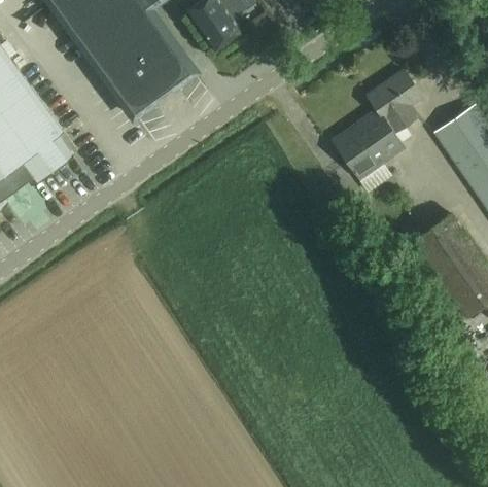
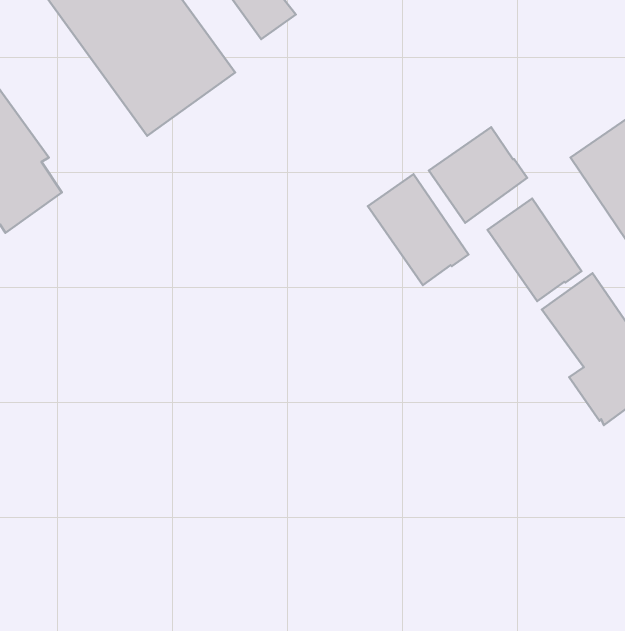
building: [368,69,422,132] -> none
building: none -> [368,174,468,285]
building: none -> [488,199,582,301]

